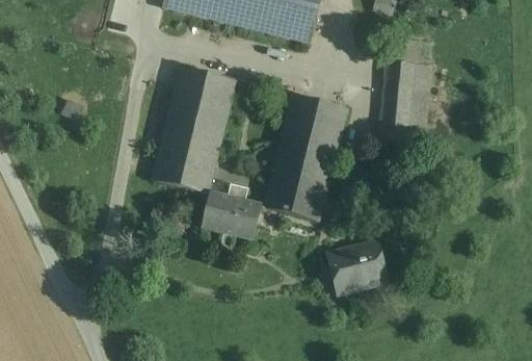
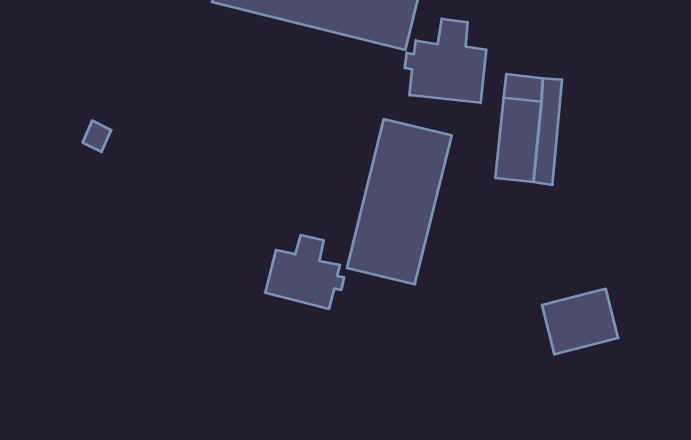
building: none -> [405,19,486,103]
building: [154,67,235,192] -> none
building: [328,241,387,291] -> [542,289,618,354]

